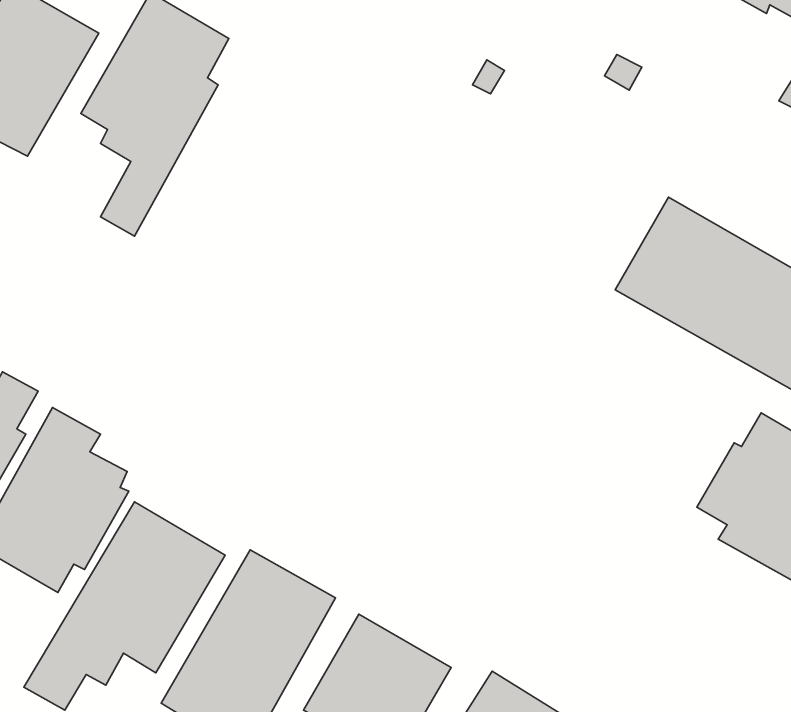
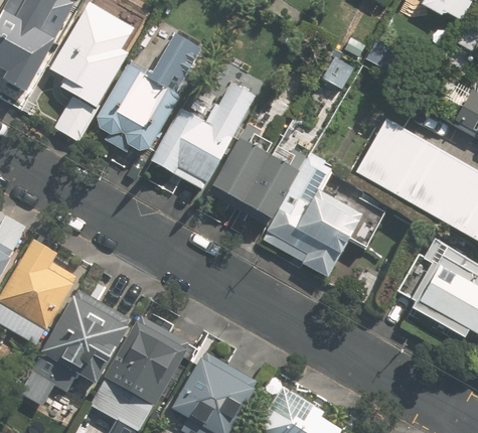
building: none -> [98,35,200,151]
building: none -> [148,82,255,192]
building: none -> [211,123,303,220]
building: none -> [264,153,386,280]

